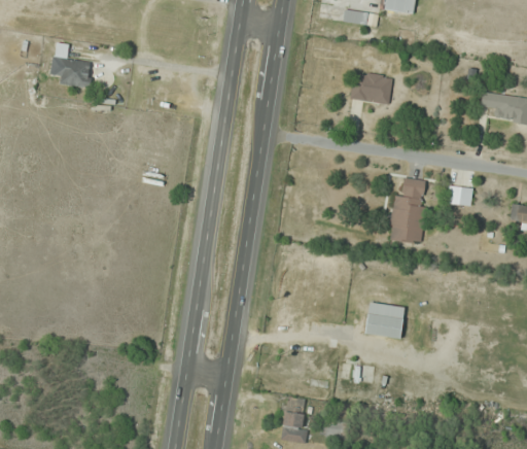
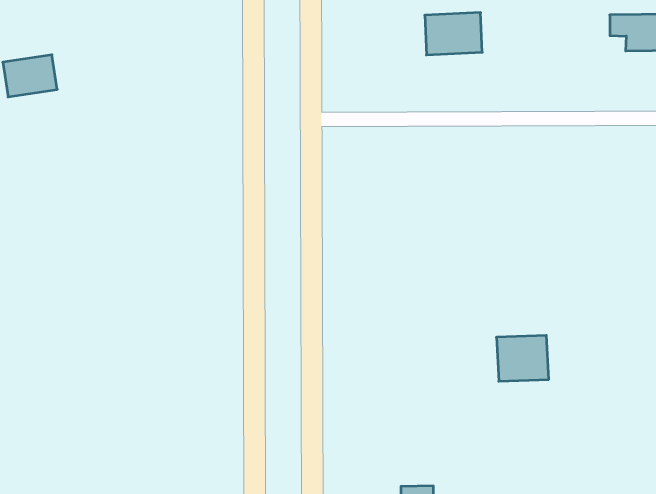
building: [389,178,426,243] -> none
building: [446,184,472,207] -> none

